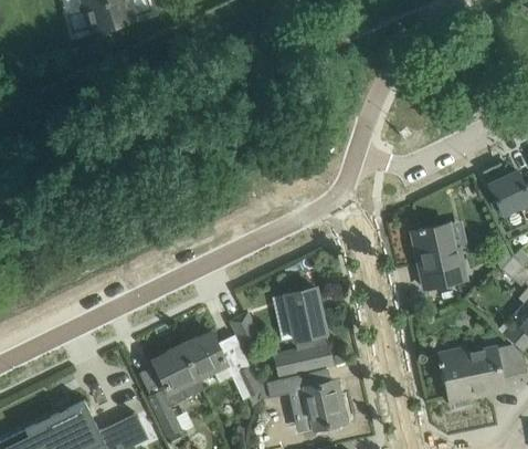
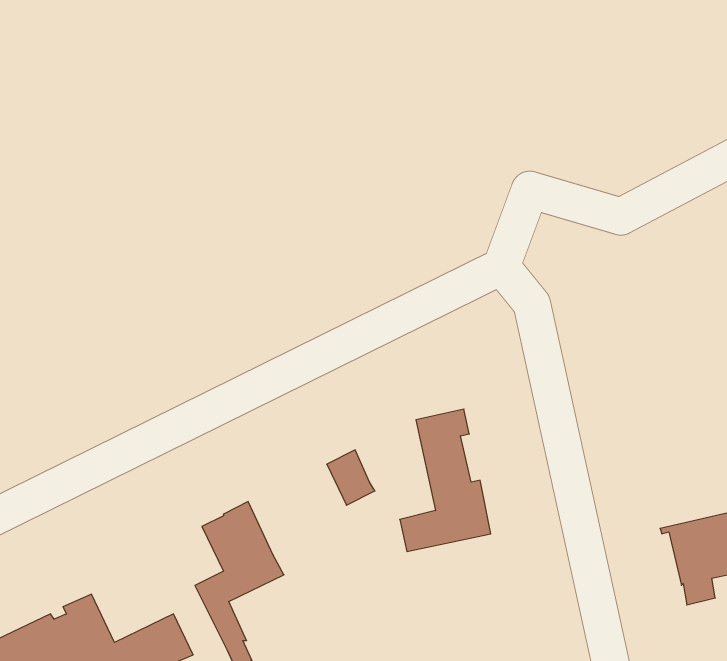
building: [412,224,465,289] -> none
building: [181,333,261,408] -> none
building: [267,376,345,431] -> none

